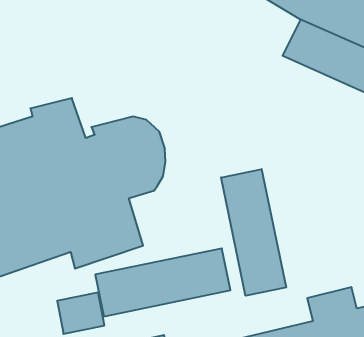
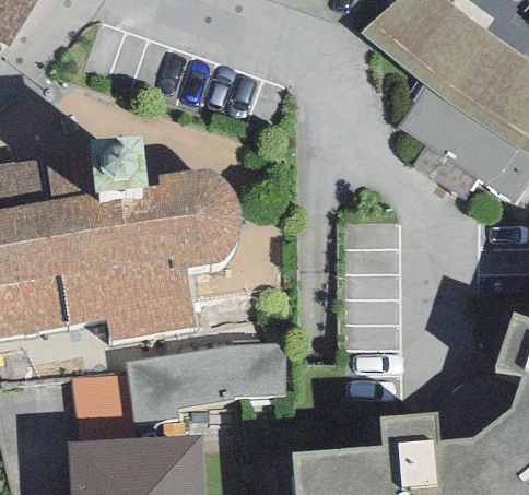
building: [221,169,286,296] -> none

